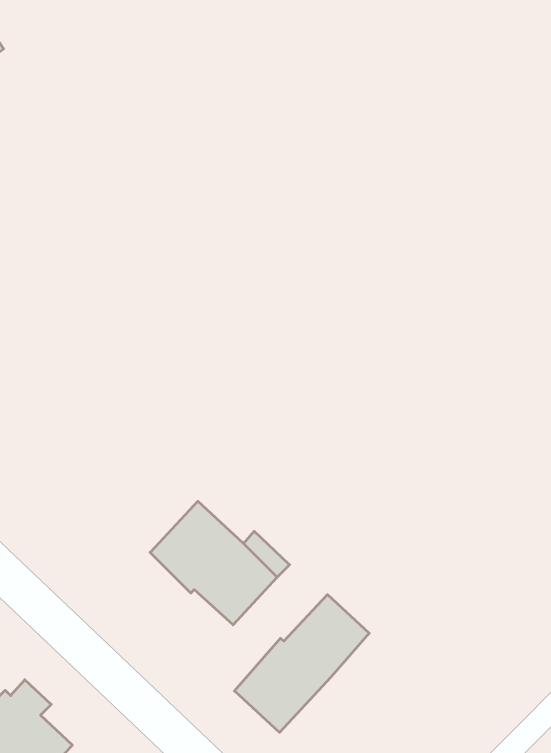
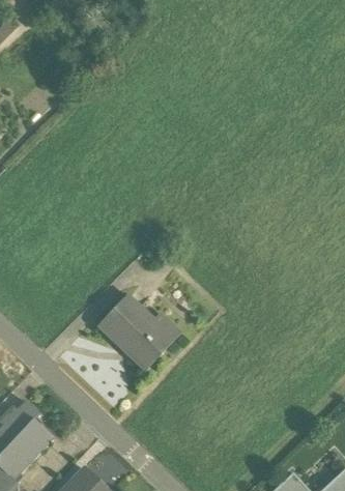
building: [234,595,369,732] -> none

